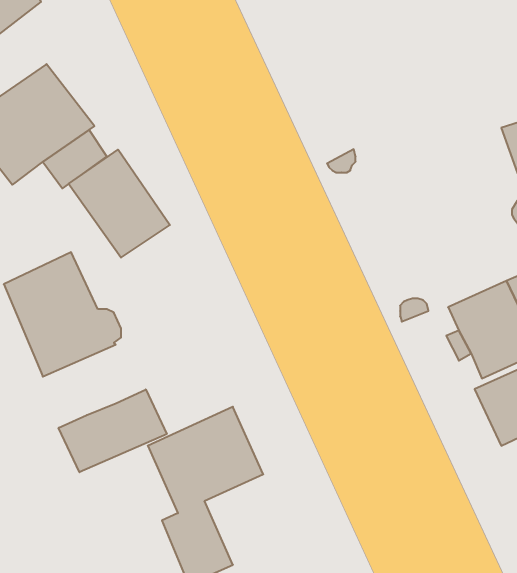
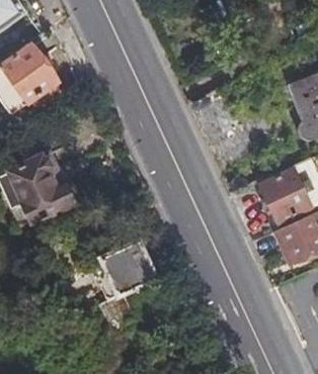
building: [68,150,170,258] -> none
building: [59,389,167,472] -> none

